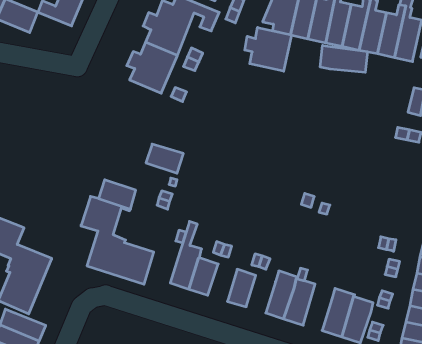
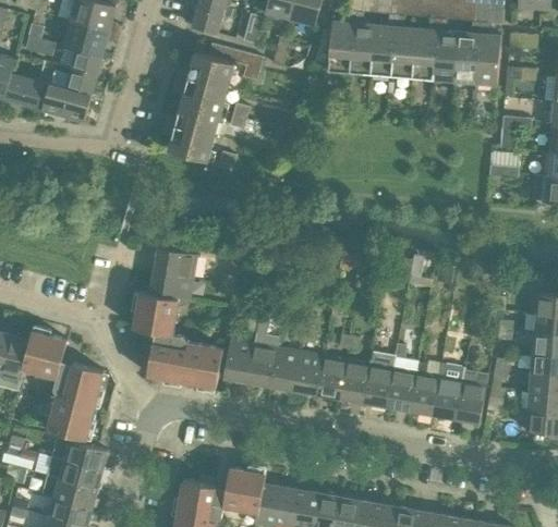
building: none -> [44,85,92,121]
building: [245,27,292,71] -> none
building: [320,45,367,72] -> none
building: [146,144,183,173] -> [154,248,196,279]
building: none -> [222,340,253,382]
building: none -> [292,353,323,395]
building: none -> [339,360,369,403]
building: none -> [409,361,438,415]

